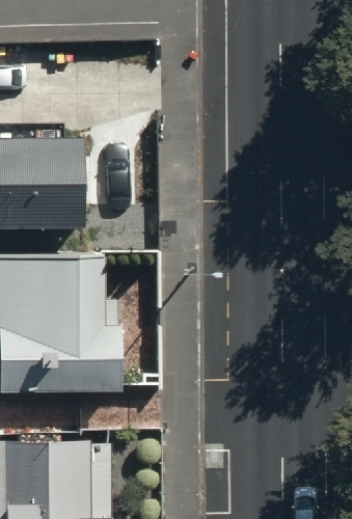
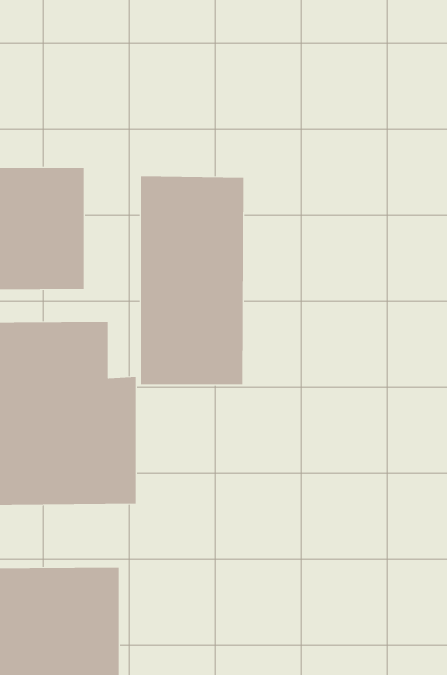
building: none -> [140,175,244,385]

